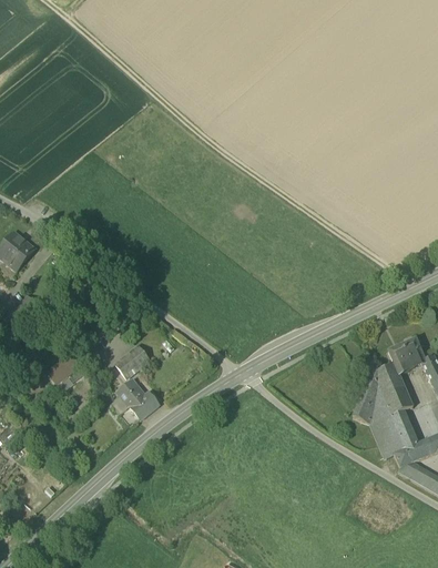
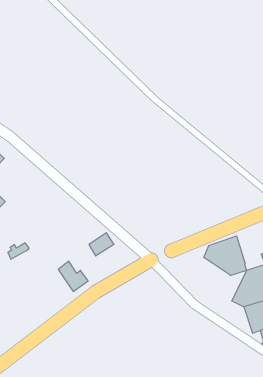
building: none -> [204,236,247,276]
building: [116,345,150,377] -> [89,233,114,256]

